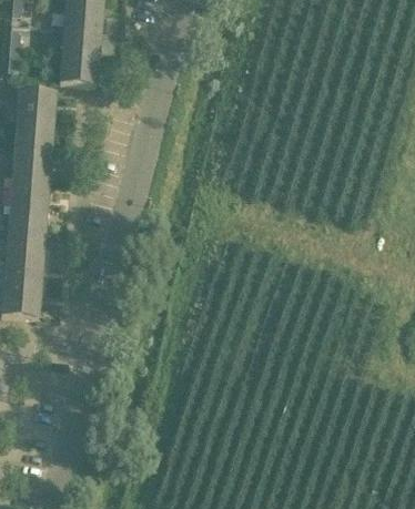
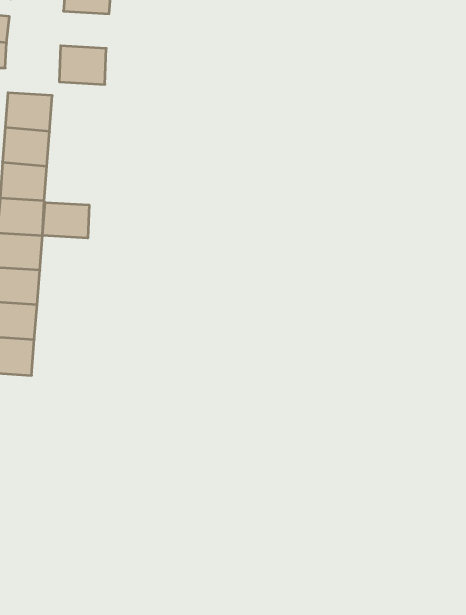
building: [61,22,100,52] -> none
building: none -> [43,202,89,238]

